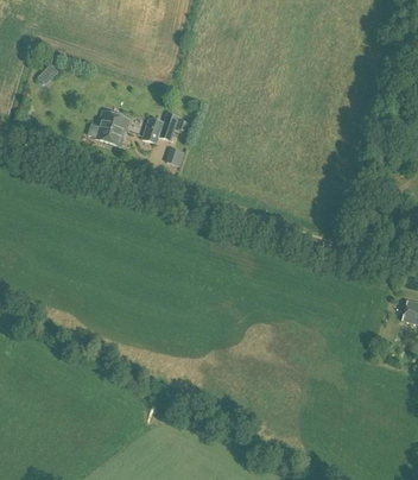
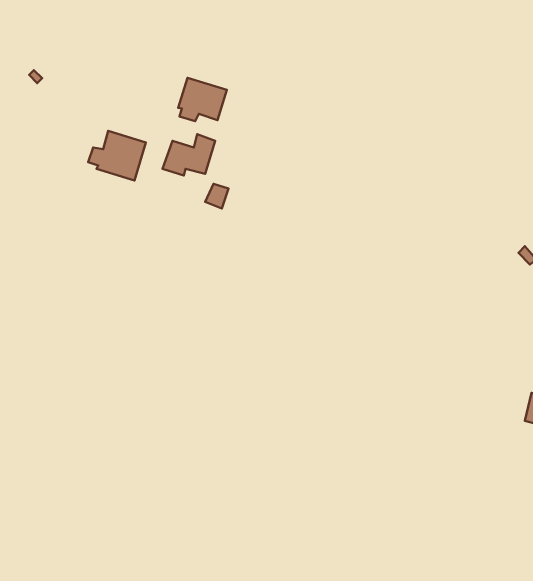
building: none -> [178,78,227,121]

